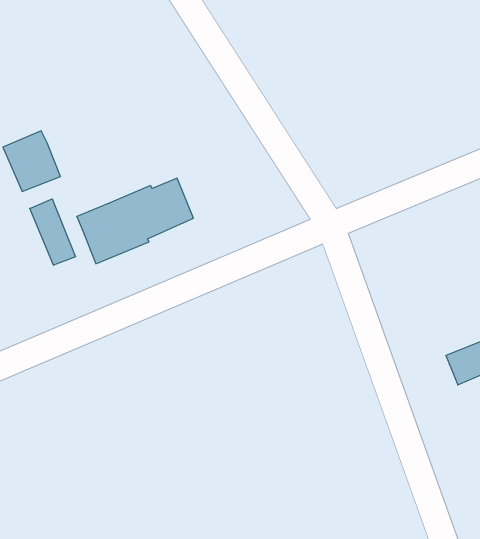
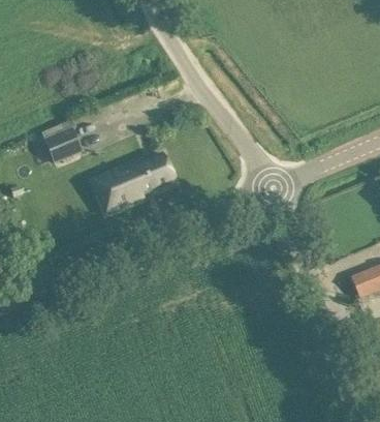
building: [30,199,75,265] -> none

